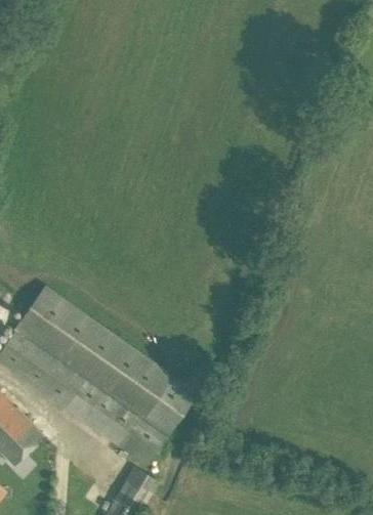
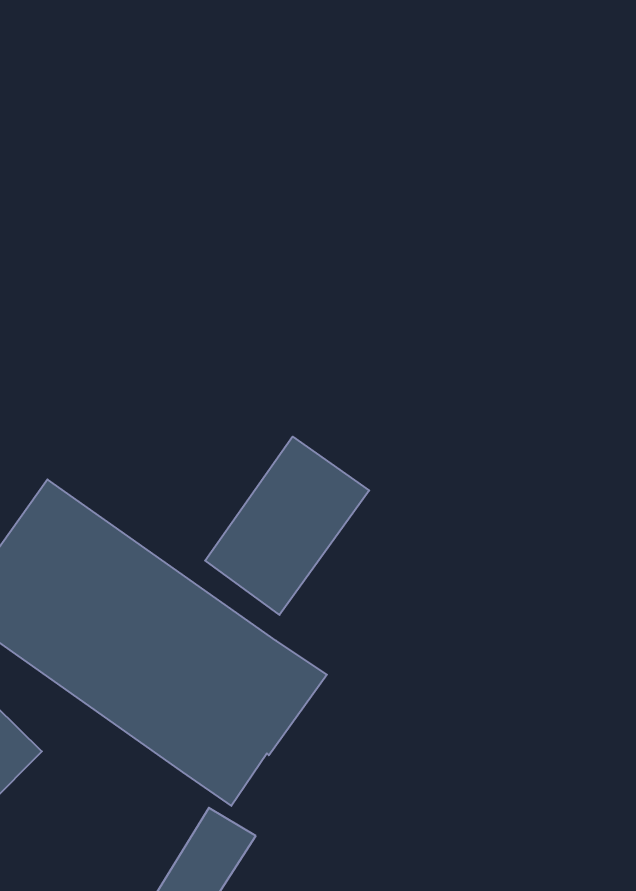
building: none -> [205,437,369,615]

